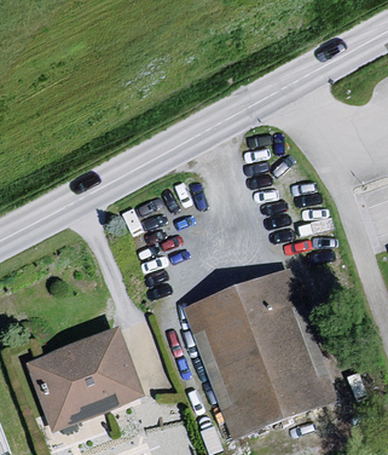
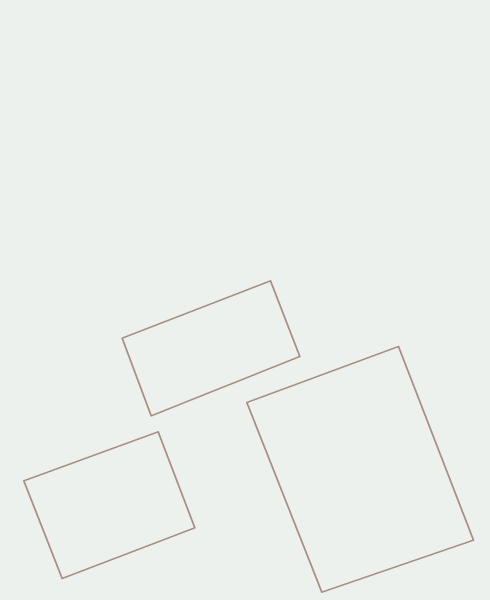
building: none -> [122,281,300,416]

